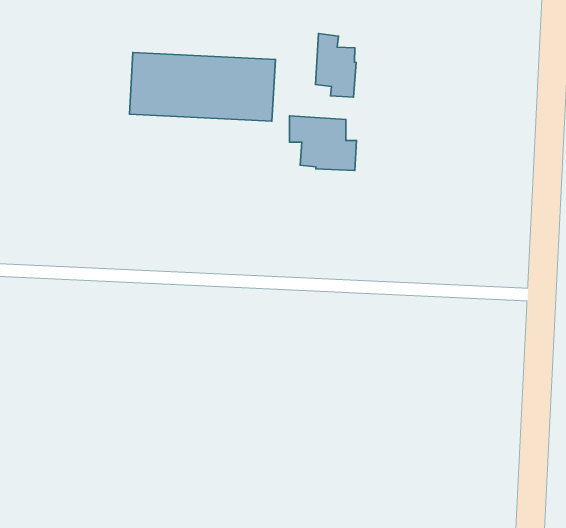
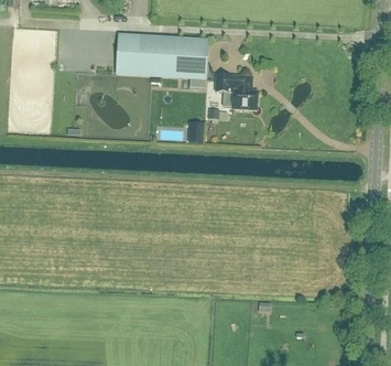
building: [316,34,356,97] -> none

